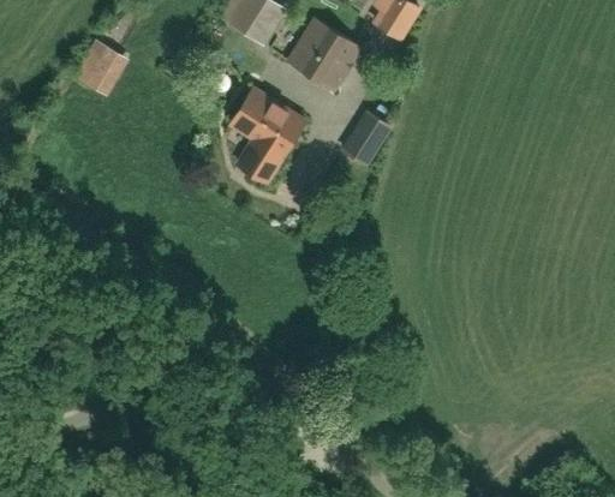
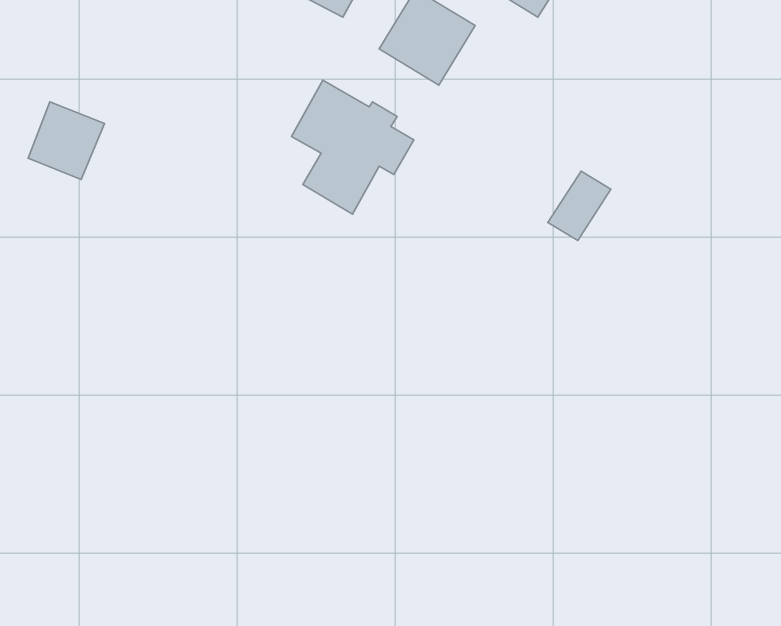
building: [72,37,127,94] -> [28,102,104,180]
building: [342,114,388,164] -> [548,171,611,241]

